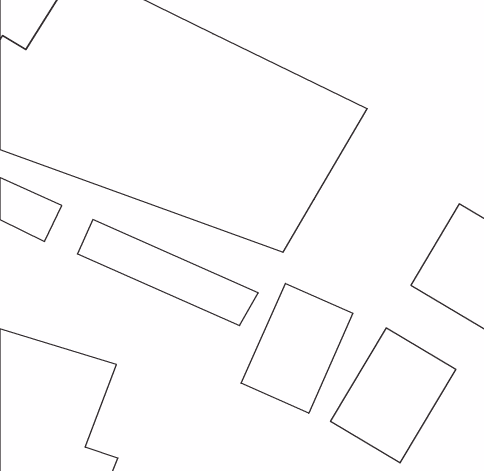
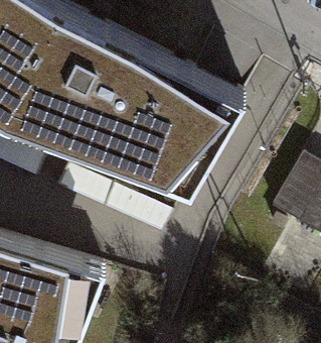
building: [241,283,353,413] -> none
building: [331,328,456,463] -> none

